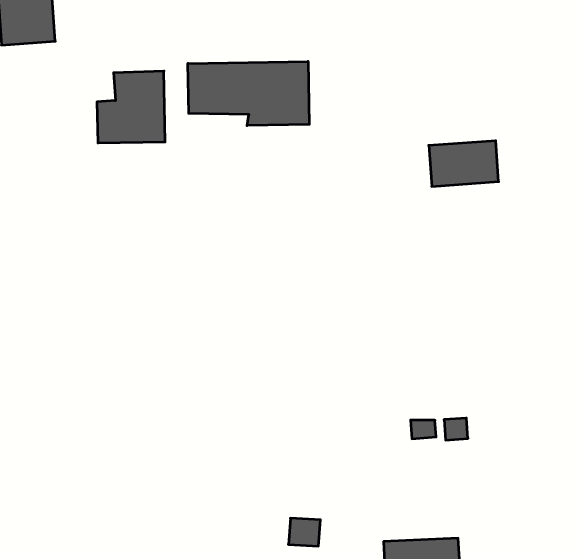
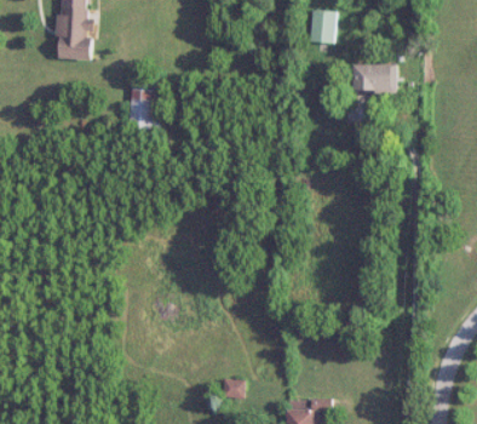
building: [188,61,309,126] -> none
building: [429,141,499,186] -> [351,65,395,92]

